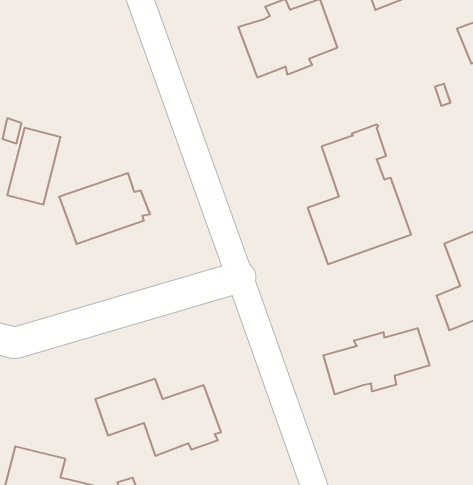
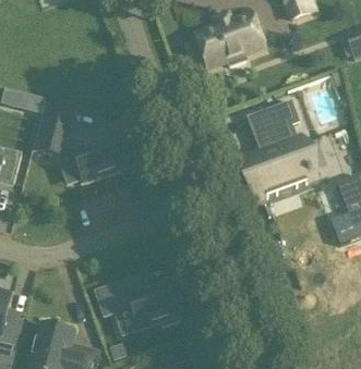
building: [323,328,429,394] -> none

